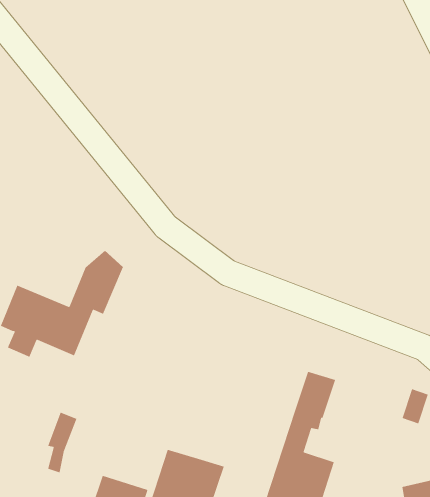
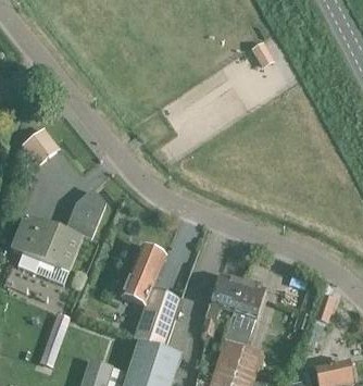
building: none -> [23,127,59,162]
building: none -> [122,245,180,347]
building: none -> [204,273,243,320]

